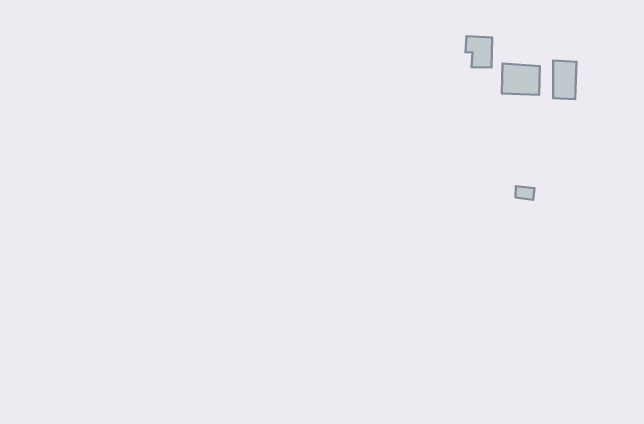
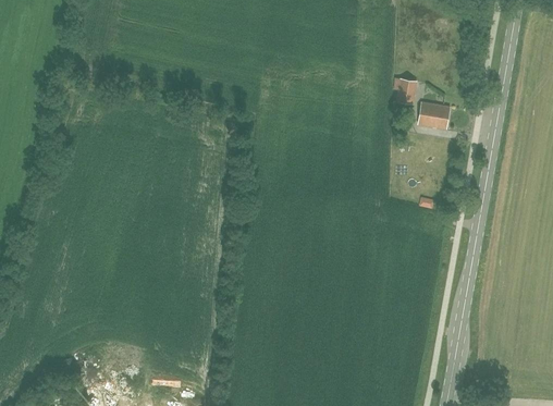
building: [553,61,577,99] -> none

